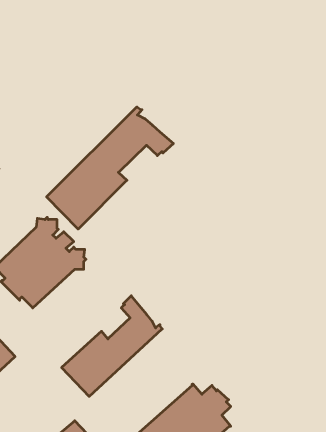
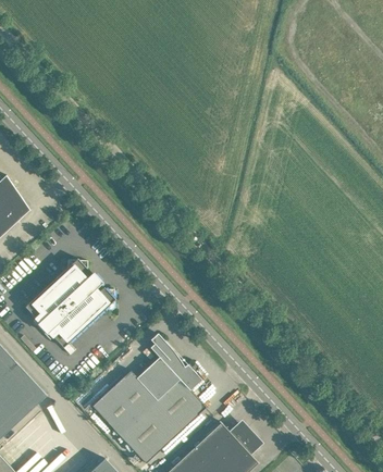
building: [47,107,173,229] -> none
building: none -> [119,369,206,464]

